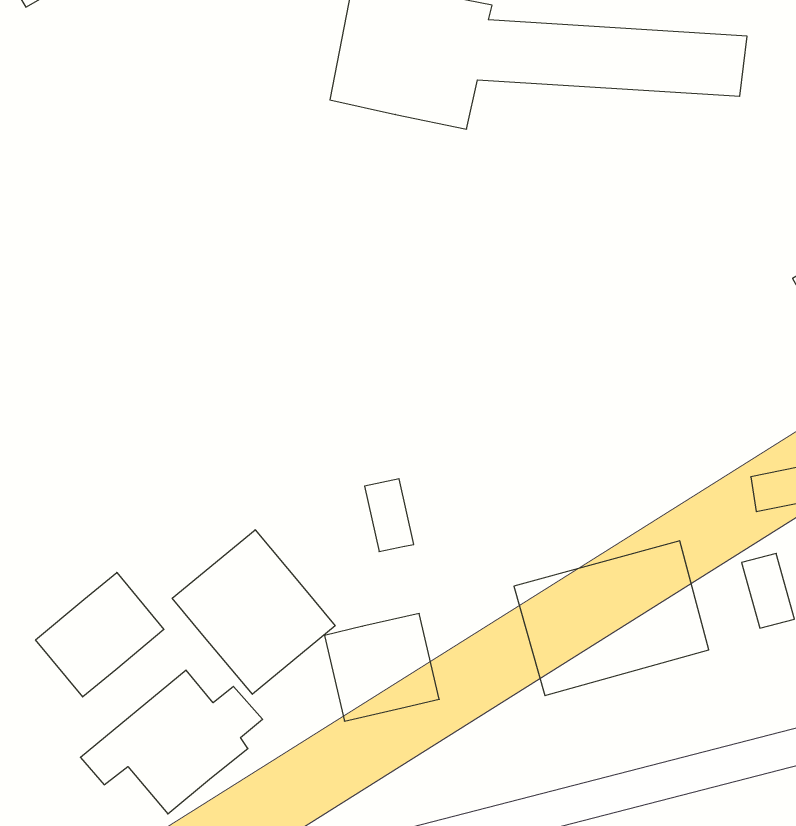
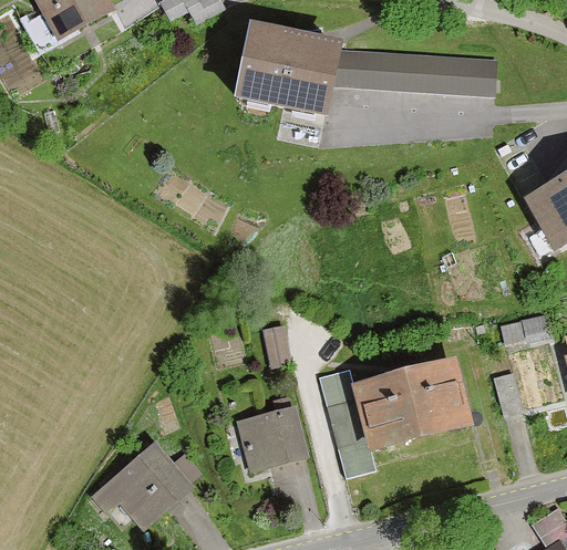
building: [172,530,335,694] -> none
building: none -> [318,369,375,478]
building: [36,572,164,697] -> none

